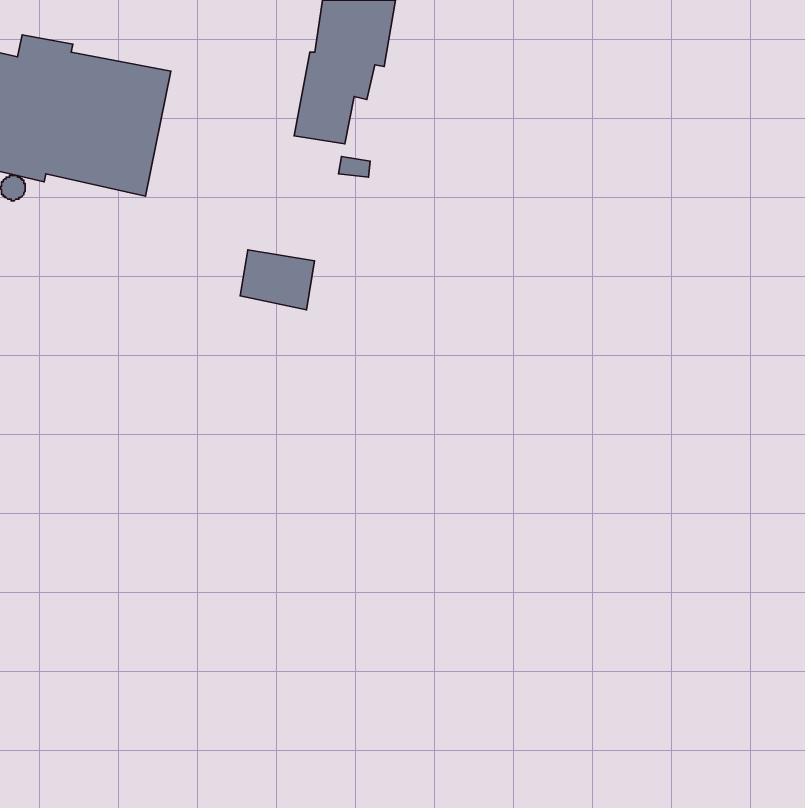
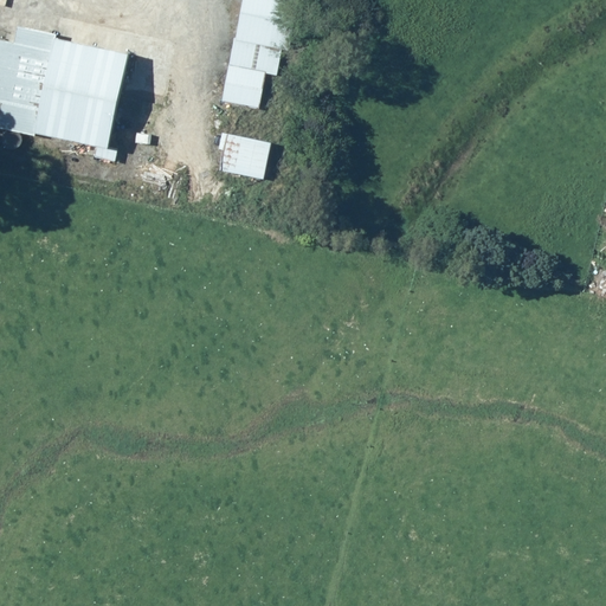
building: [240,250,314,310] -> [214,134,270,179]

